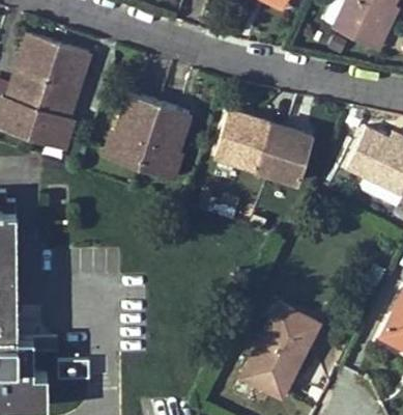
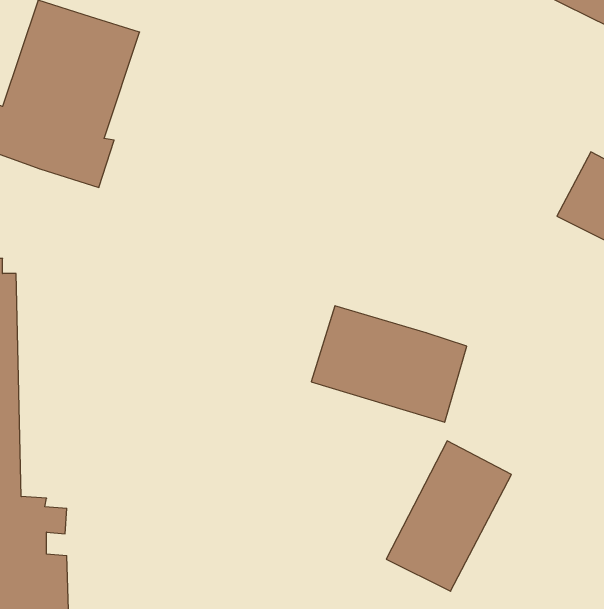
building: [107,92,191,177] -> none
building: [218,110,313,182] -> [311,306,467,422]

